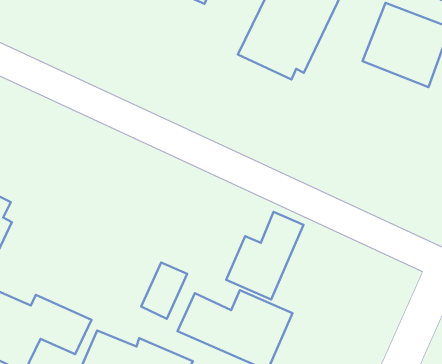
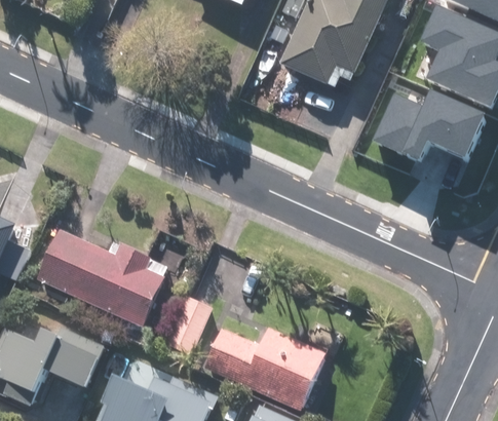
building: none -> [361,91,460,173]
building: none -> [42,229,171,328]
building: [226,212,304,299] -> none

